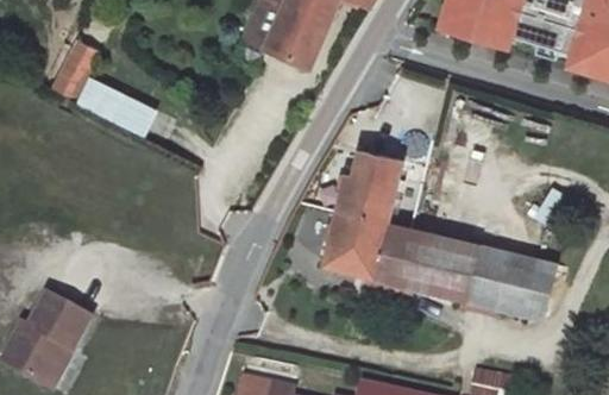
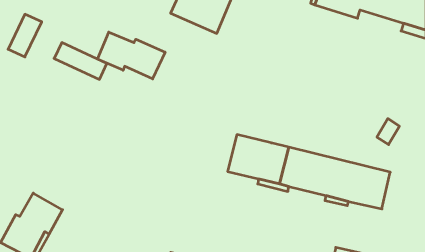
building: [50,38,98,99] -> [8,14,42,57]
building: none -> [97,32,165,79]
building: [337,150,401,222] -> none

